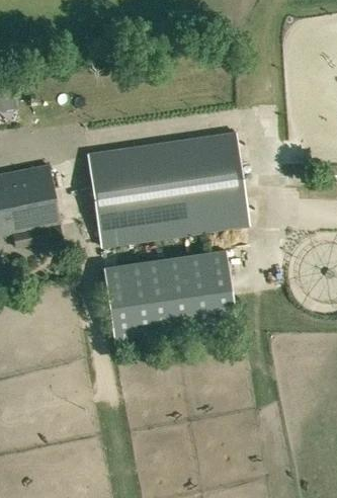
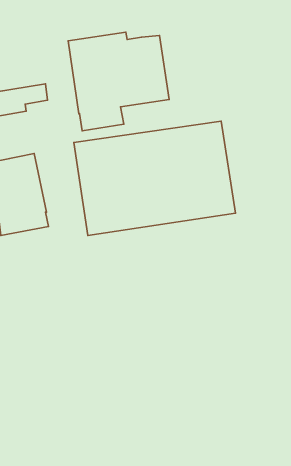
building: none -> [68,32,169,131]
building: [103,249,236,340] -> none

